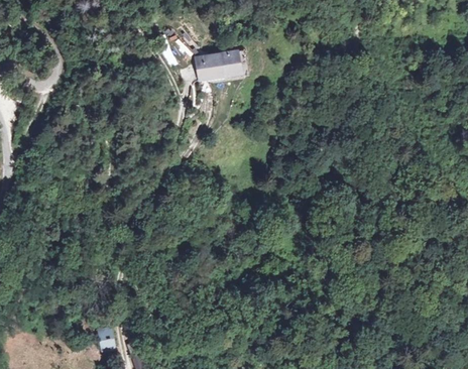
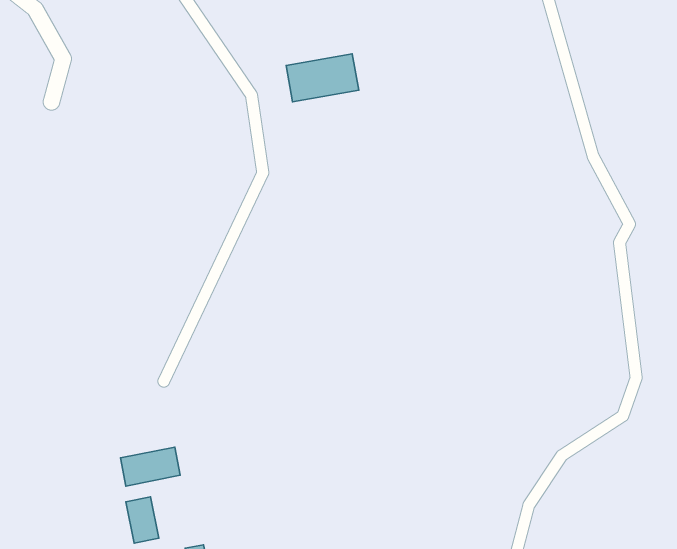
building: none -> [120,447,180,486]

